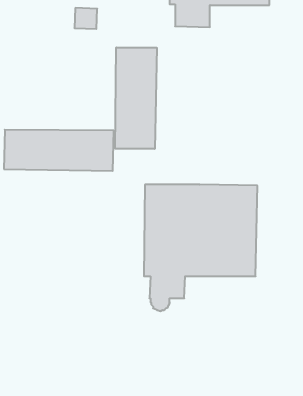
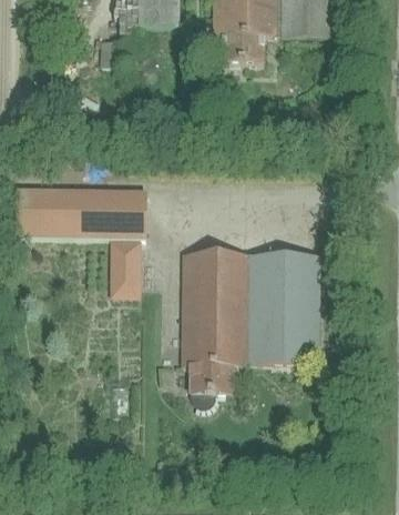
building: [115,47,157,149] -> none
building: none -> [112,240,137,293]

